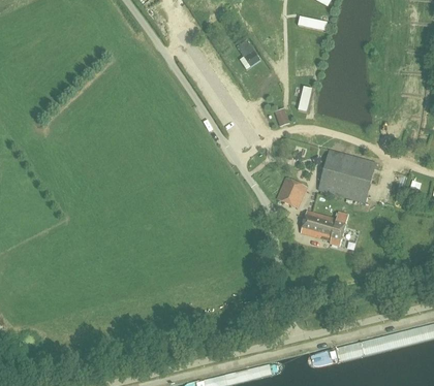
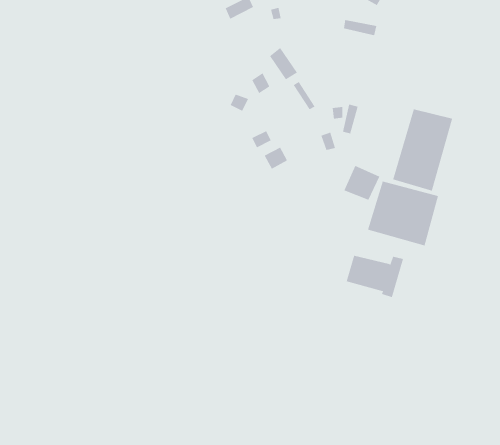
building: none -> [393,108,453,191]
building: [276,178,306,206] -> [344,165,380,200]

